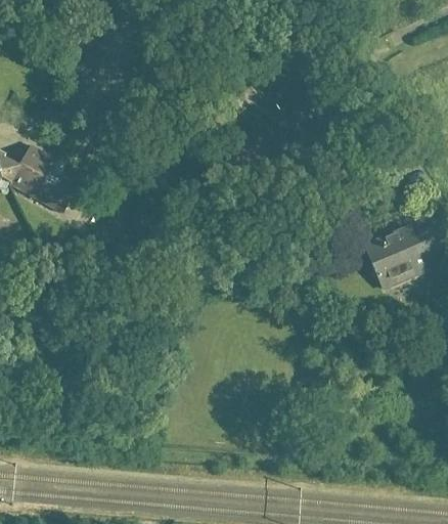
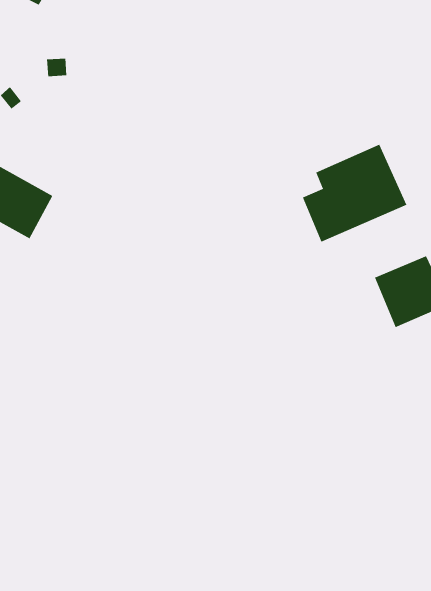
building: none -> [302,144,407,243]

